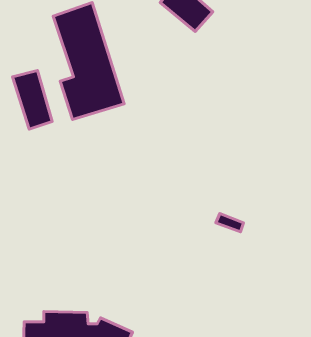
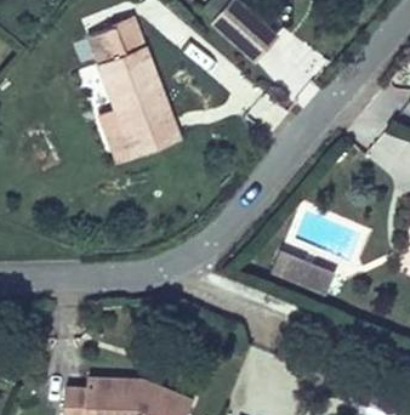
building: [13,71,52,129] -> none

